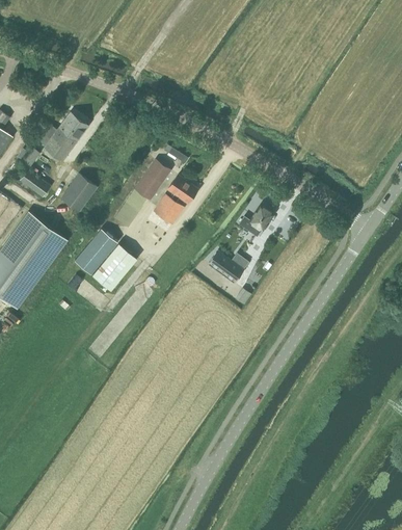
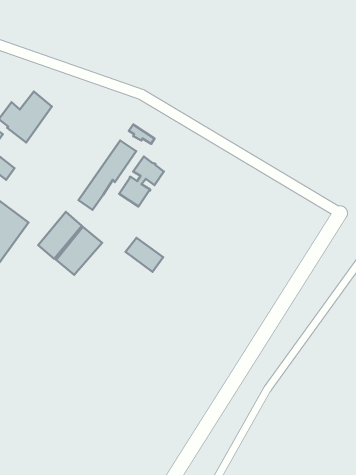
building: [60,175,97,212] -> none
building: [238,207,271,237] -> none
building: [206,250,242,284] -> [126,238,163,272]

